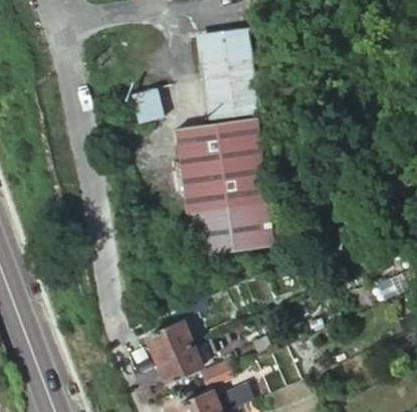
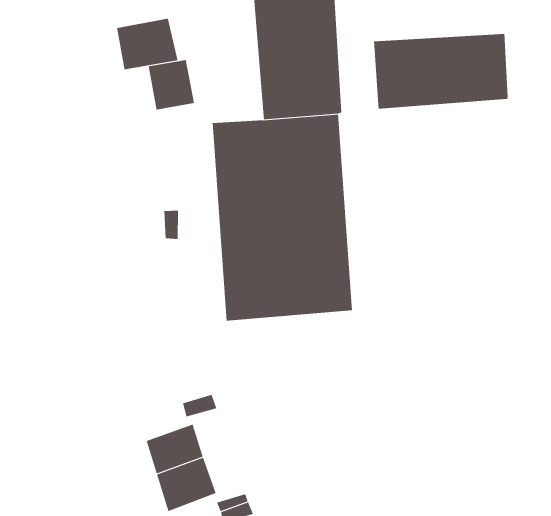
building: none -> [374,33,508,109]
building: none -> [116,18,178,70]

